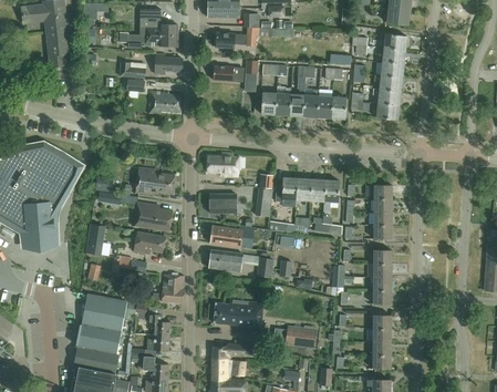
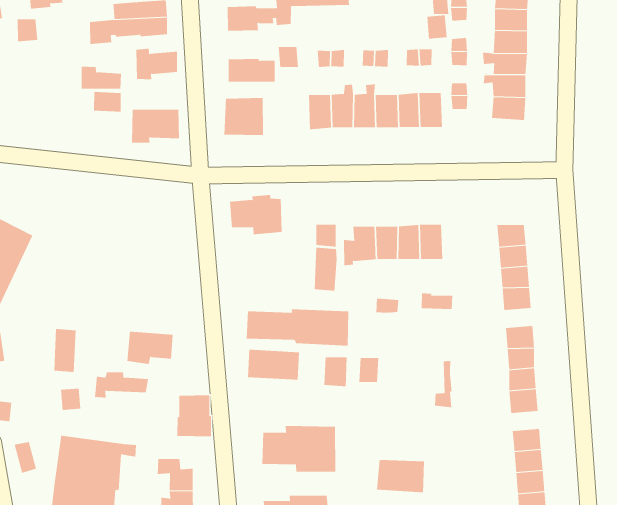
building: none -> [224,97,263,136]
building: [135,167,174,194] -> none
building: [208,194,236,213] -> none
building: [134,202,172,230] -> none

